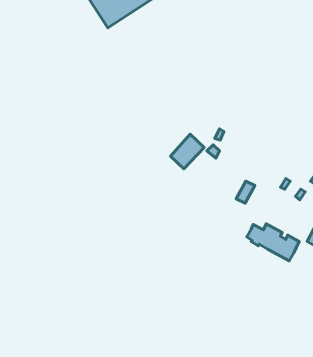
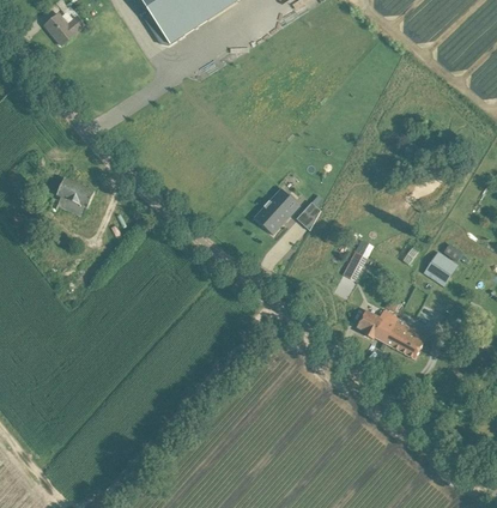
building: none -> [44,13,83,44]
building: none -> [49,177,93,216]

